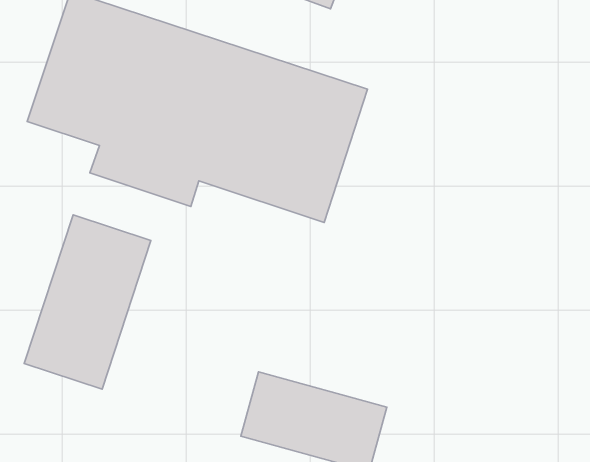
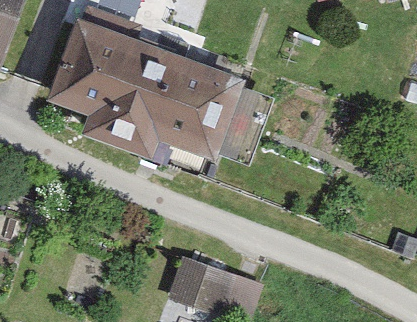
building: [24,215,151,389] -> none

